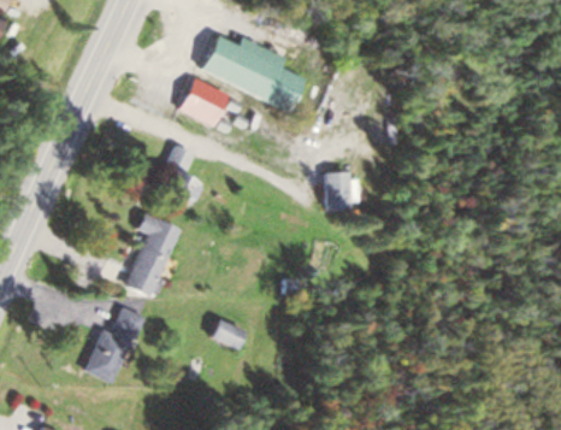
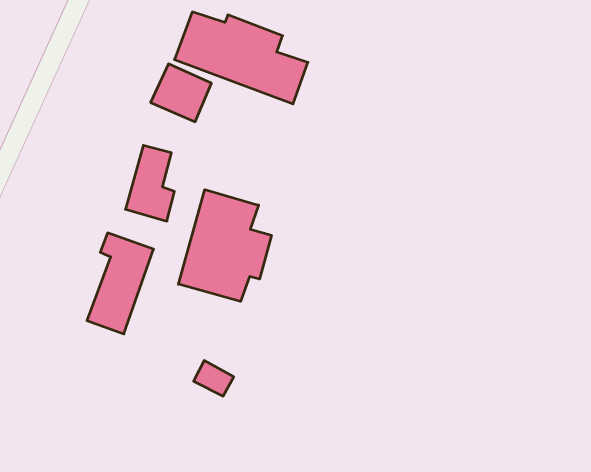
building: [329,170,353,210] -> none
building: none -> [178,190,271,301]
building: [87,302,142,382] -> none

